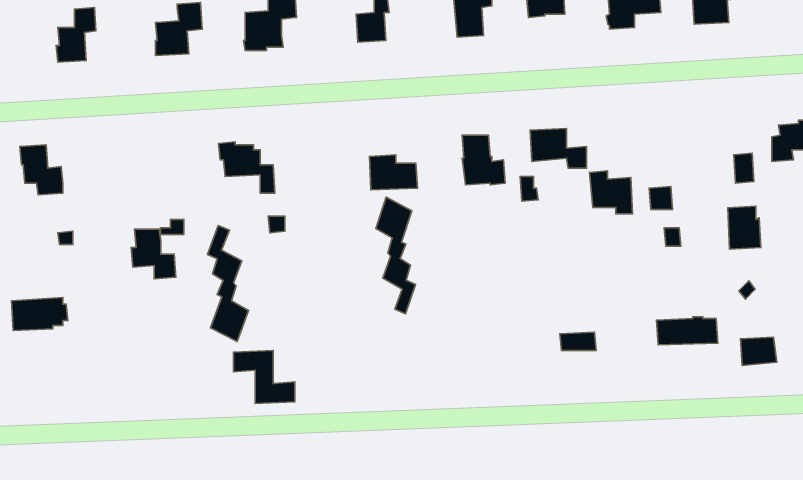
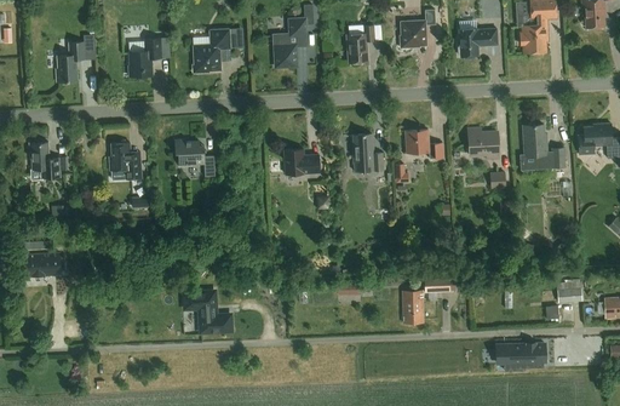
building: [589,171,633,214] -> [467,127,499,159]
building: [376,197,415,314] -> none
building: [728,206,761,249] -> [523,125,547,156]
building: [208,225,248,341] -> none
building: [131,229,176,279] -> [109,143,142,179]
building: [657,317,718,345] -> [500,344,545,365]
building: none -> [402,291,424,324]

